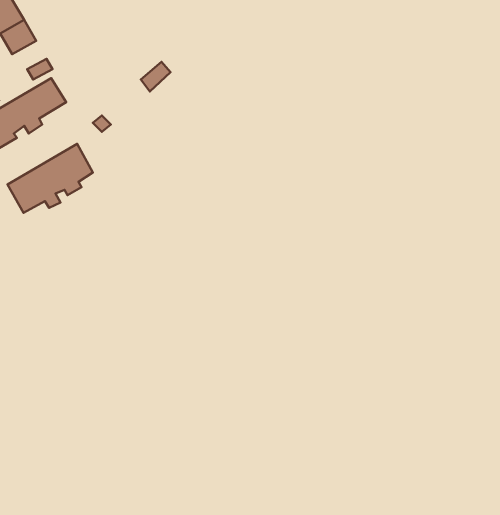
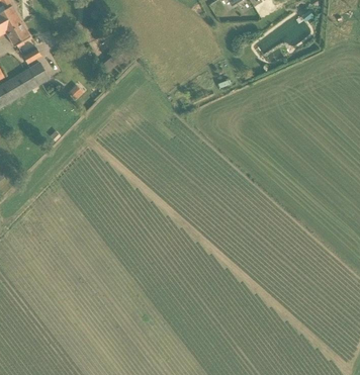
building: [8,144,93,213] -> none

